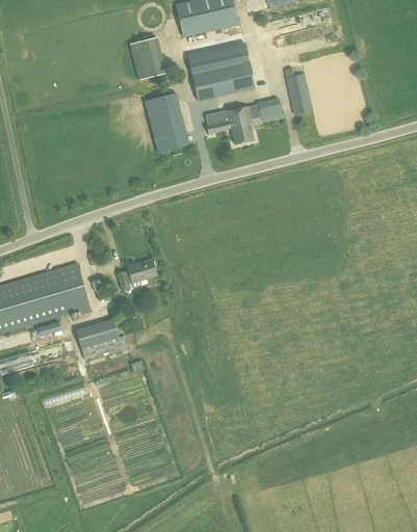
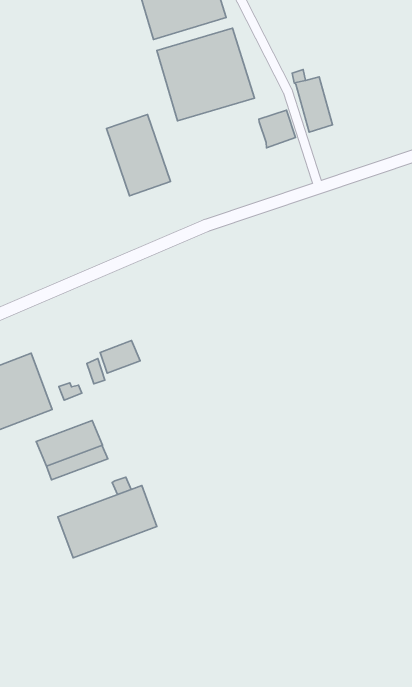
building: [129,37,160,79] -> none
building: [206,105,253,143] -> none
building: none -> [58,486,157,558]

